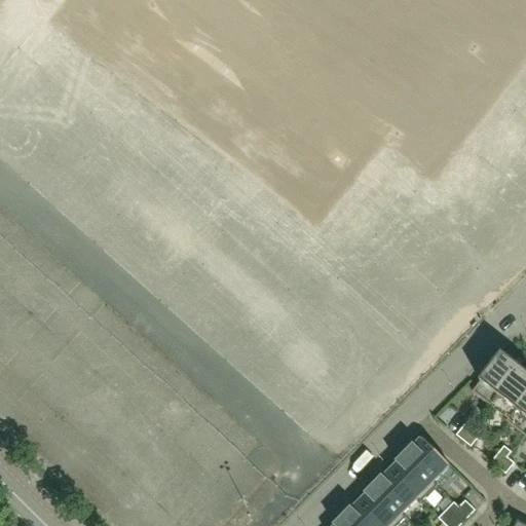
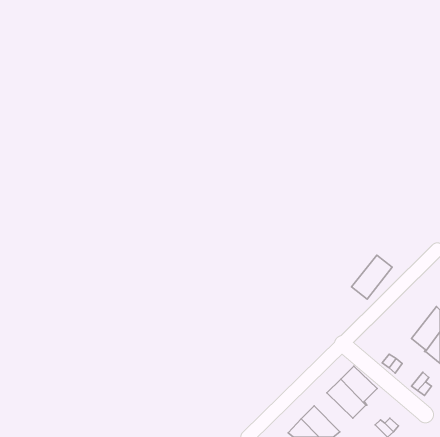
building: [472,350,520,403] -> [352,255,392,299]
building: [374,467,420,514] -> none

